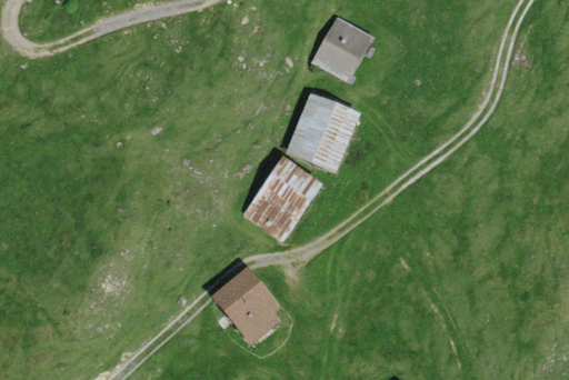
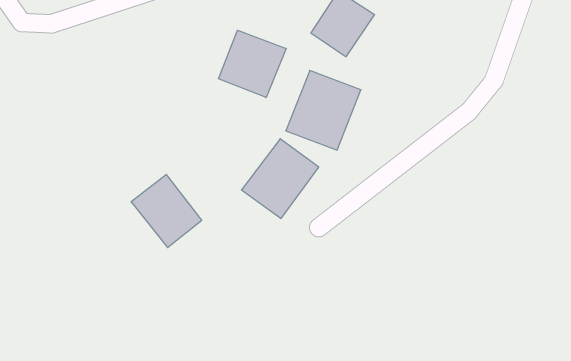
building: none -> [218,30,286,98]
building: [212,272,281,343] -> [131,175,202,248]

